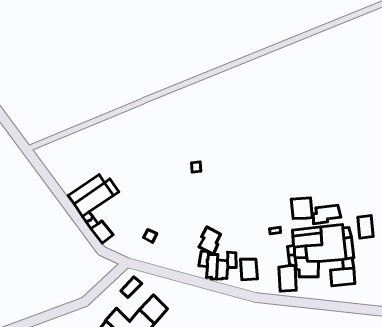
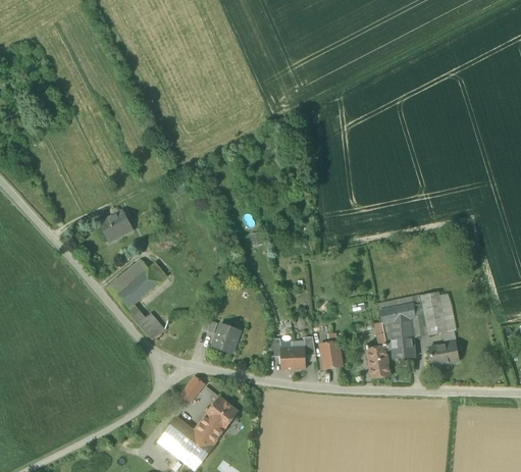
building: none -> [99,211,131,240]
building: [291,198,341,224] -> none
building: [358,216,373,238] -> none
building: [199,227,221,254] -> [213,322,238,354]

